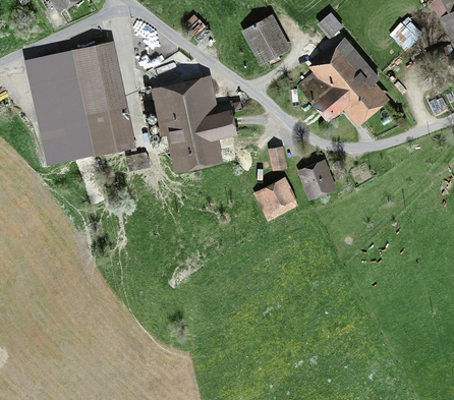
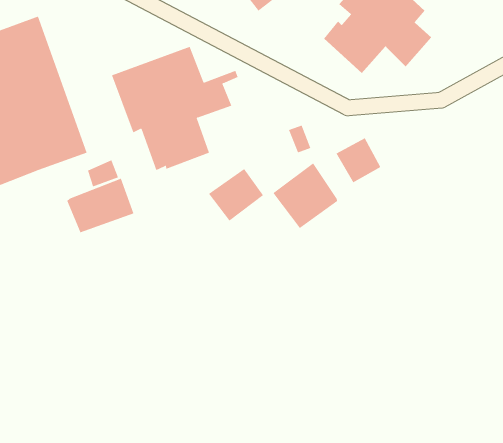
building: none -> [67,178,134,233]
building: none -> [208,168,264,222]

